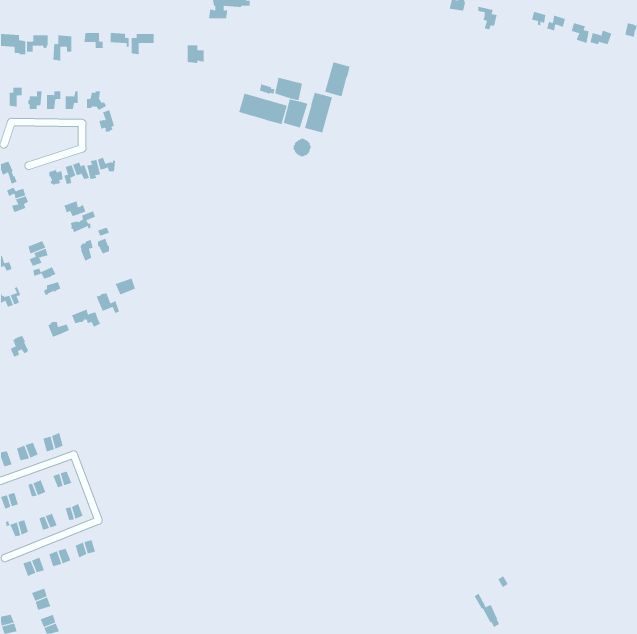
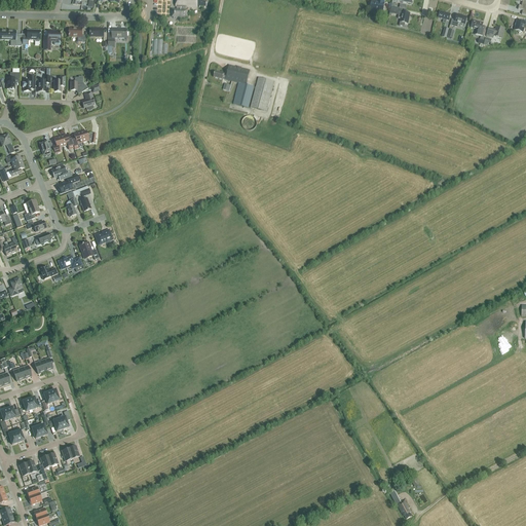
building: [325,61,350,97] -> none
building: [238,93,287,125] -> none

